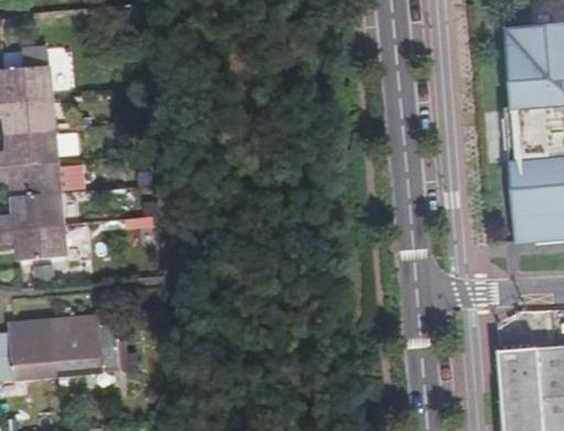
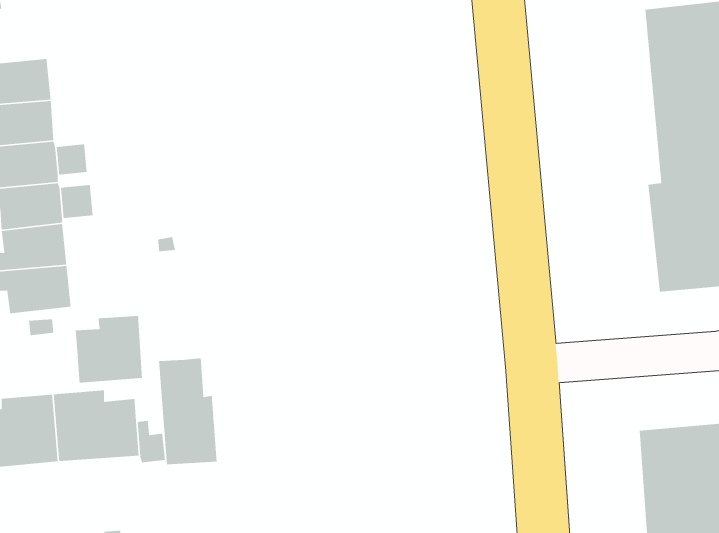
building: none -> [75,315,143,384]
building: none -> [158,357,217,465]

